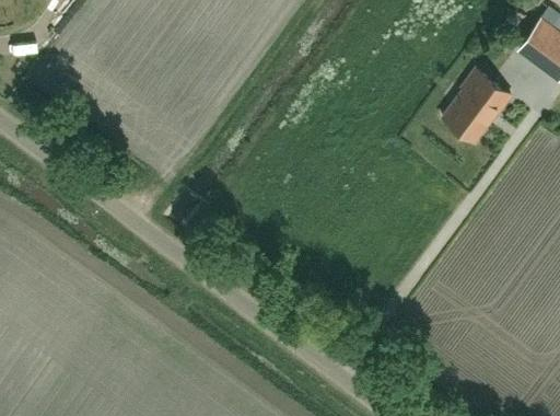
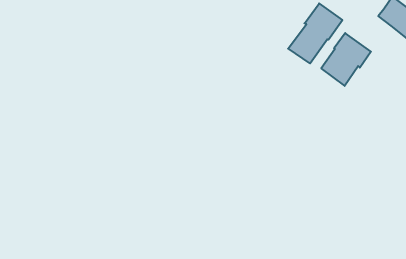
building: none -> [288,3,342,63]

